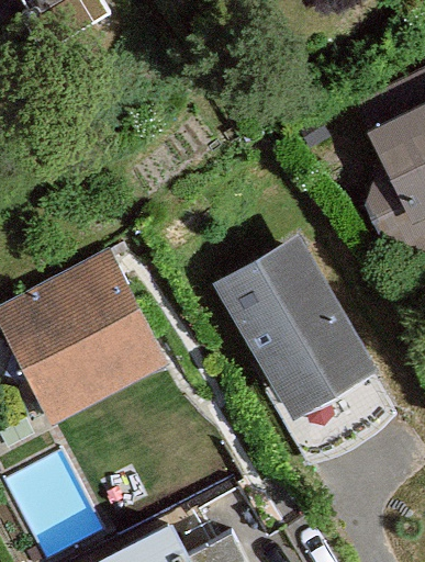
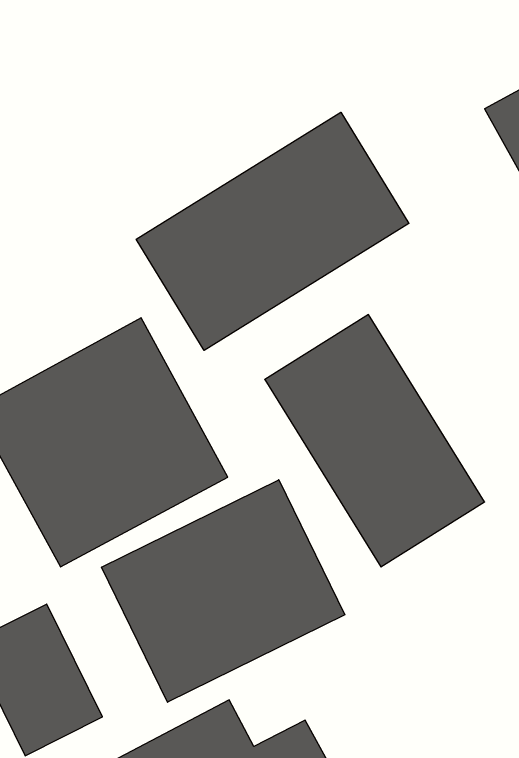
building: none -> [136,112,409,350]
building: none -> [102,480,345,702]

